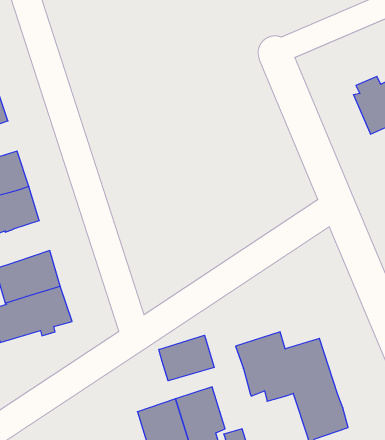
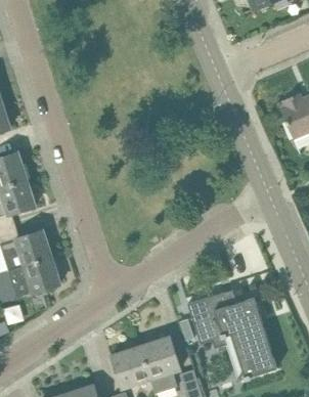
building: [159,335,214,381] -> none

